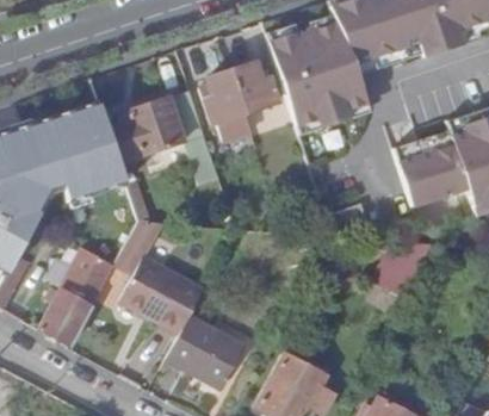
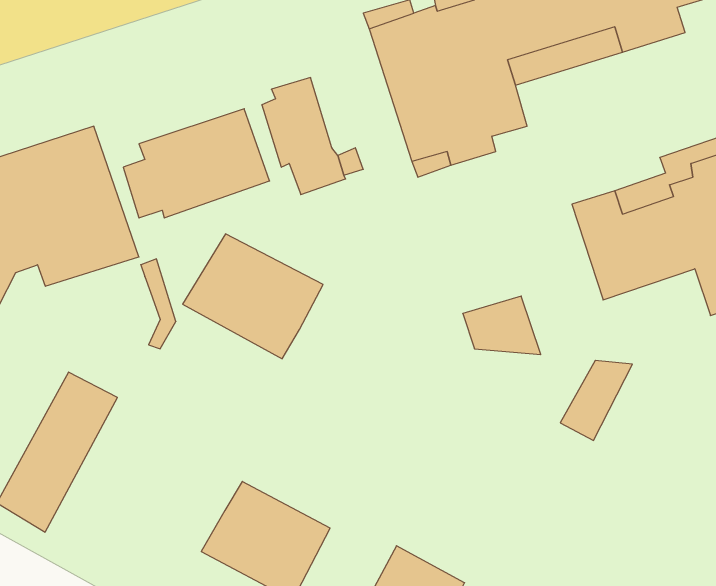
building: [234,62,279,113] -> none
building: [120,259,206,335] -> [183,234,323,359]

